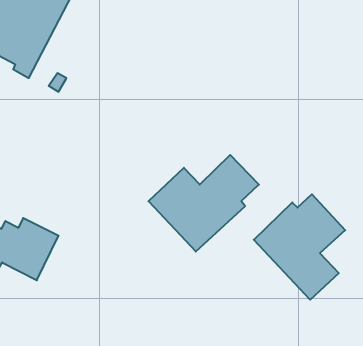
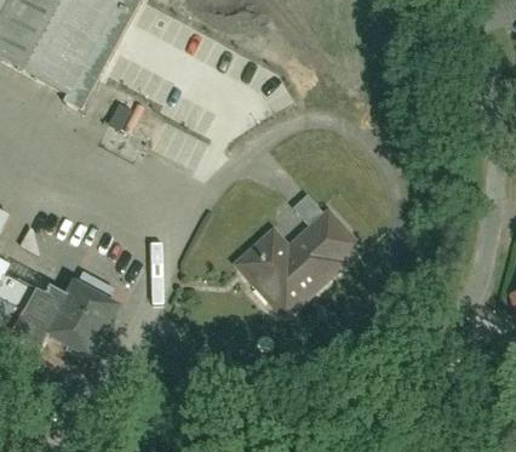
building: [254,194,345,300] -> none

